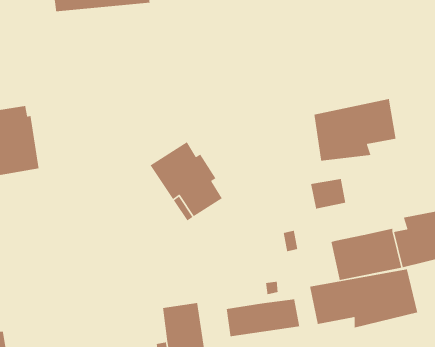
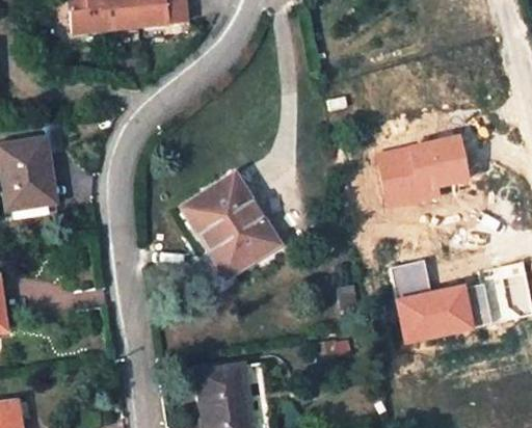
building: [310,178,346,209] -> [392,261,433,297]
building: [309,269,418,329] -> none
building: [226,298,300,337] -> none

